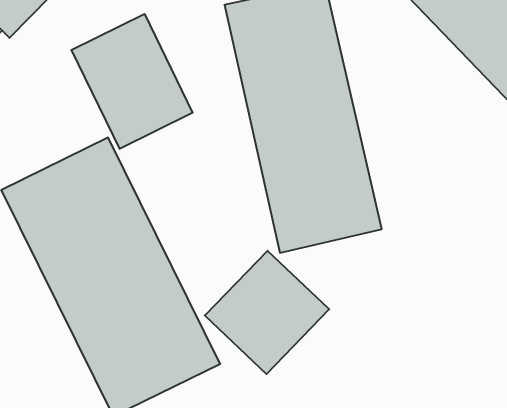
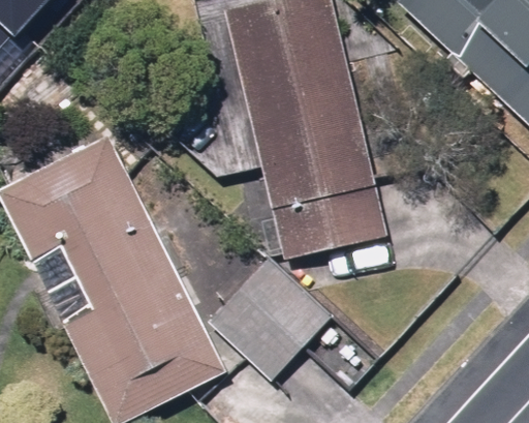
building: [71,14,193,149] -> none

